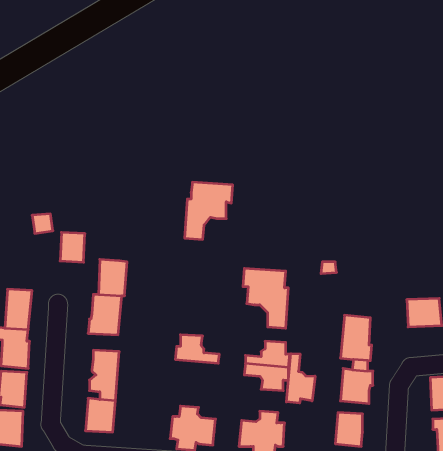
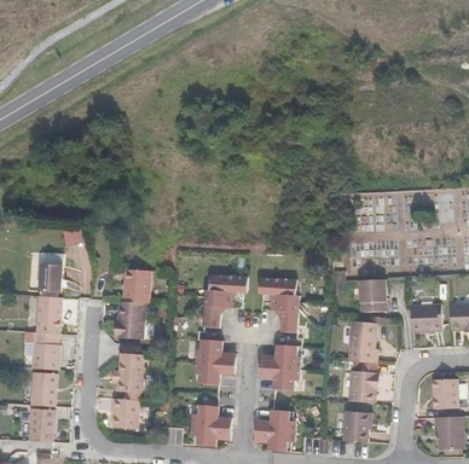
building: [185,182,233,239] -> [203,274,248,327]
building: [60,232,85,262] -> [39,263,62,291]
building: none -> [359,279,387,313]
building: [286,354,315,403] -> none
building: none -> [195,361,234,385]

